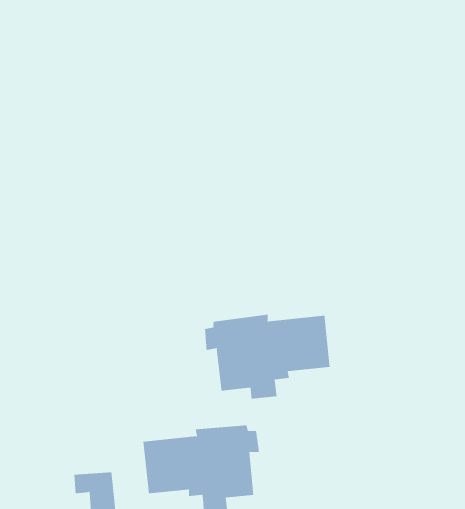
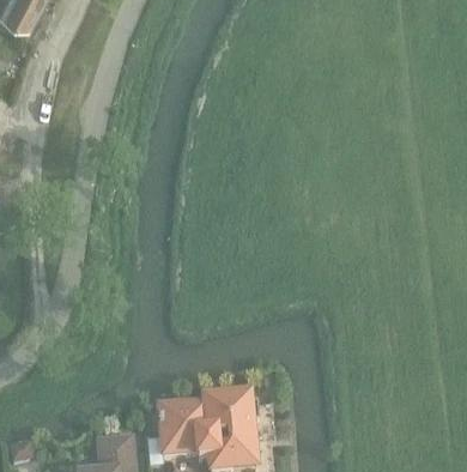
building: [204,314,330,399] -> none

